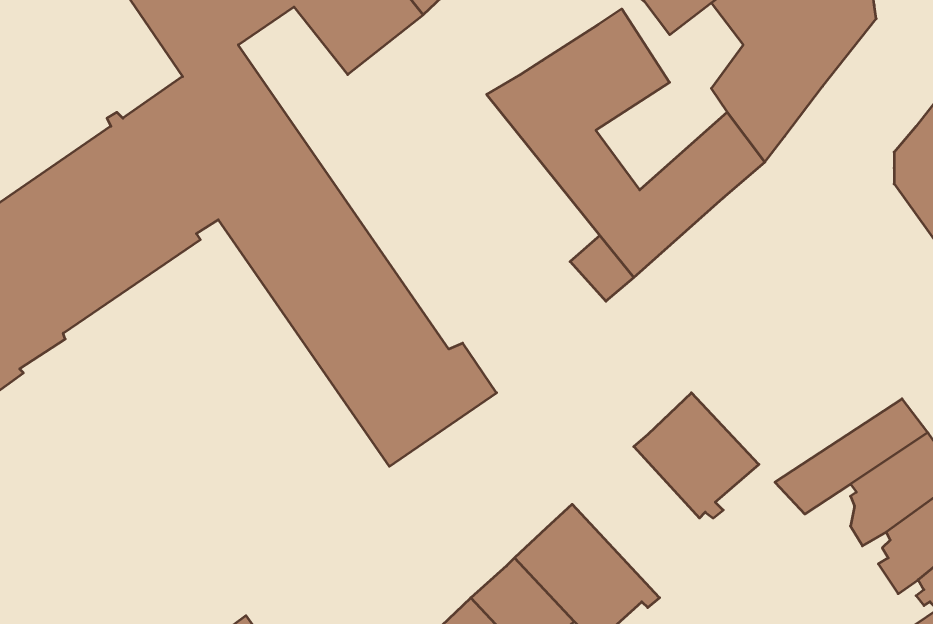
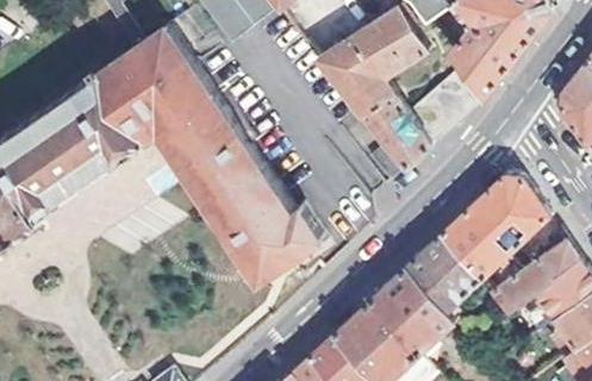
building: none -> [438,176,548,279]
building: none -> [367,268,451,358]

